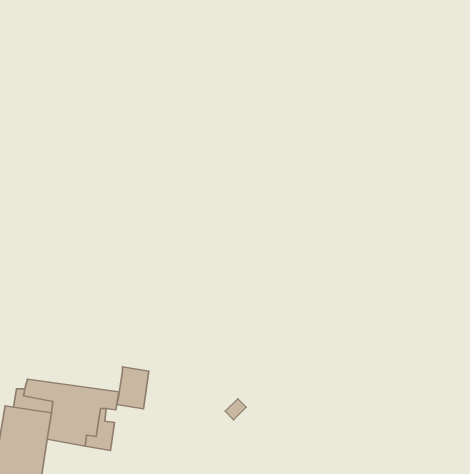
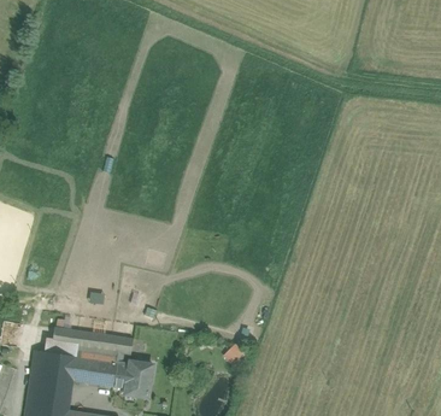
building: [117,367,149,409] -> [124,363,152,399]

